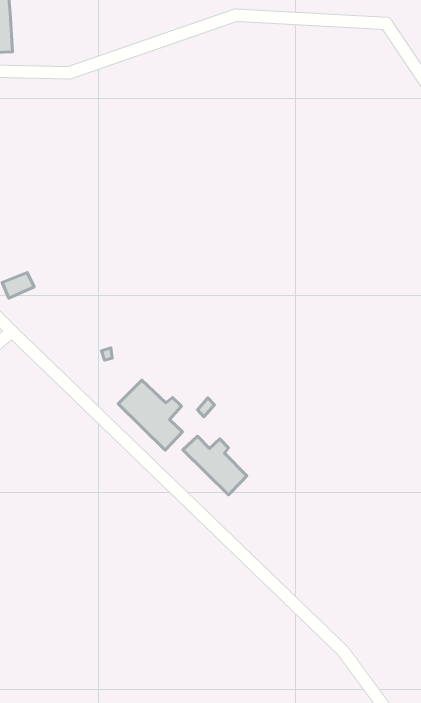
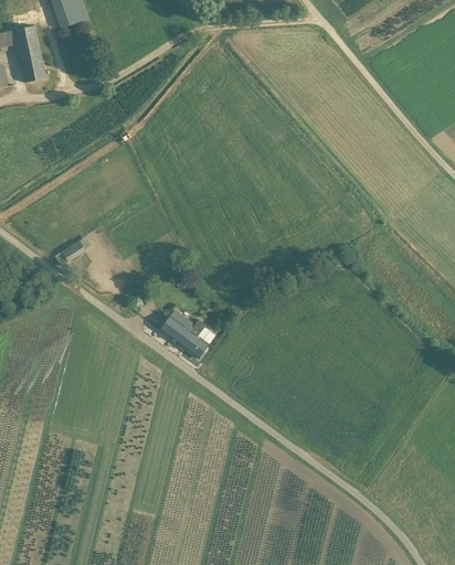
building: [183,436,247,495] -> none

